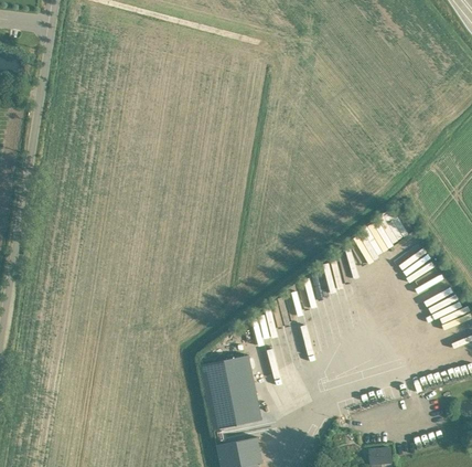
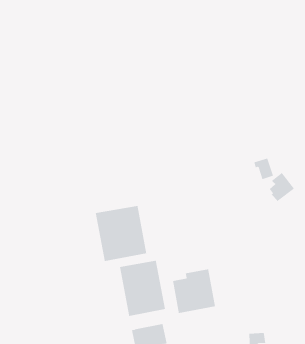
building: none -> [95,205,147,262]
building: none -> [172,269,216,314]

